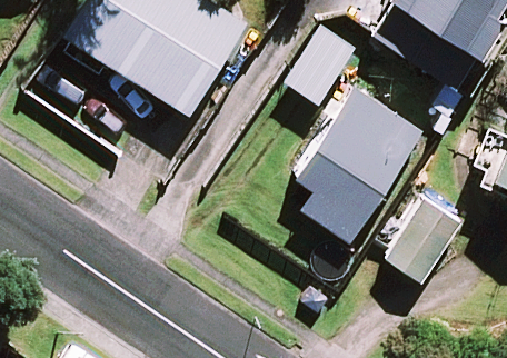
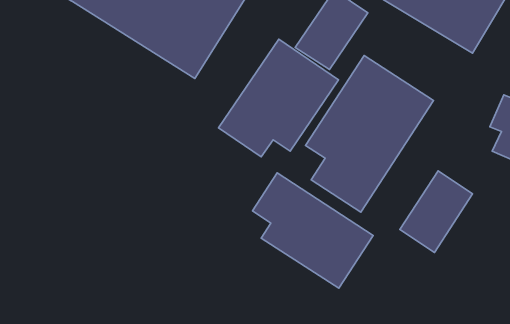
building: none -> [219,39,338,157]
building: none -> [252,173,373,288]

